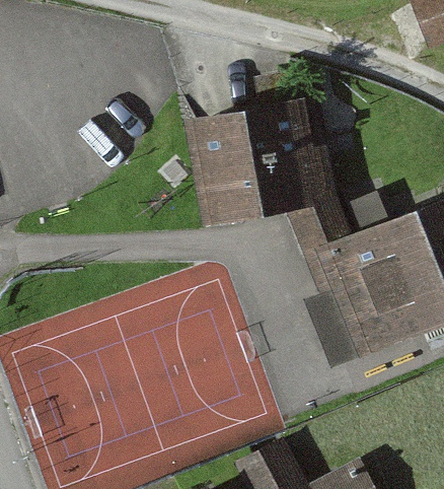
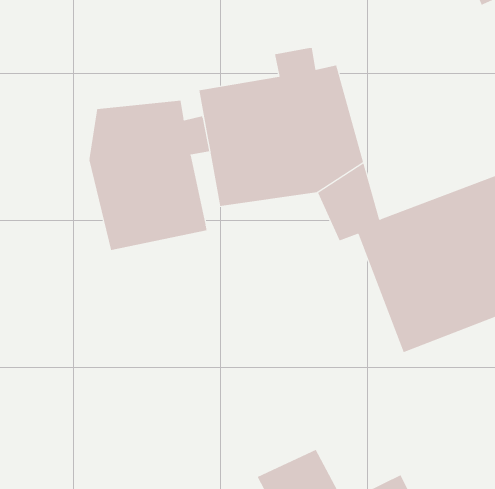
building: none -> [89,100,210,251]

